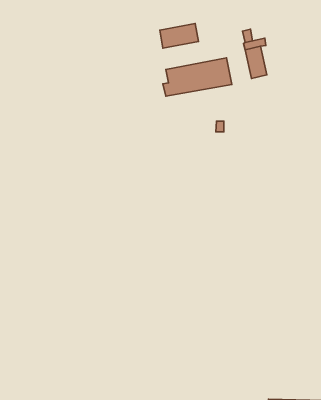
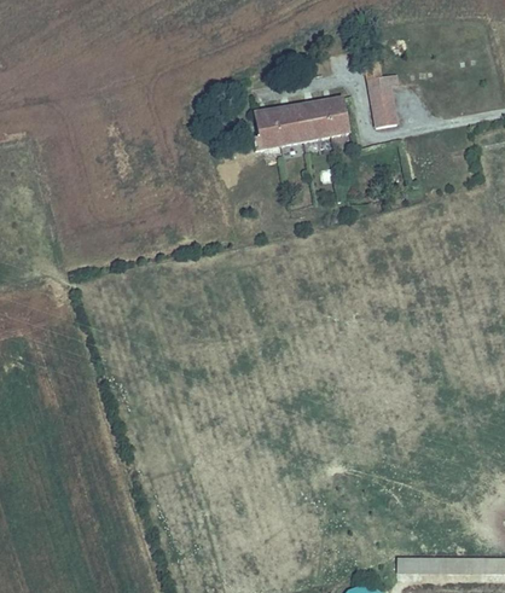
building: [160,24,198,48] -> none

